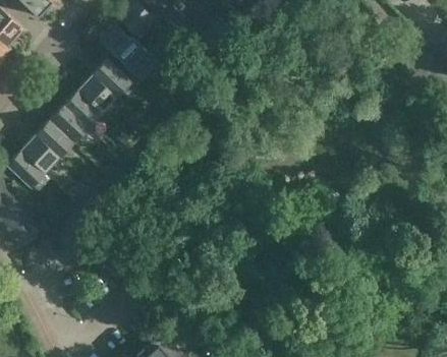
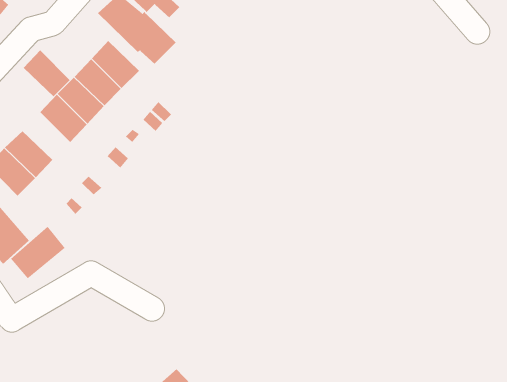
building: [35,118,74,158] -> [23,50,71,97]
building: none -> [10,226,65,279]

